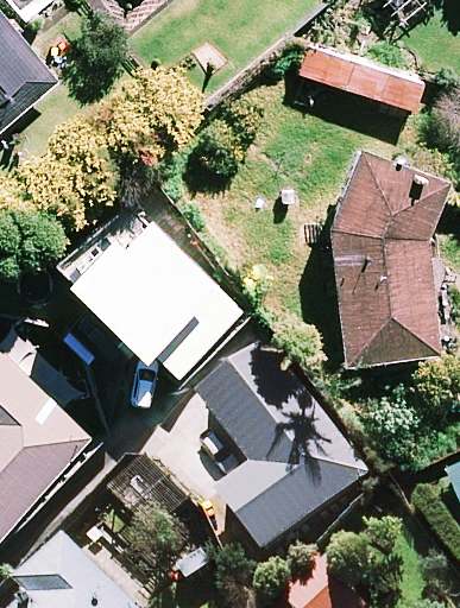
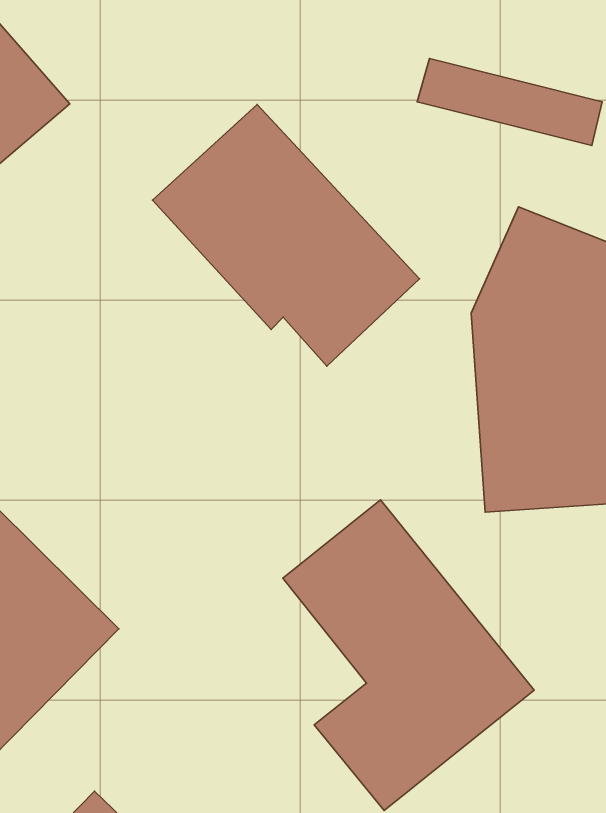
building: [55,197,237,375] -> [152,104,419,366]

